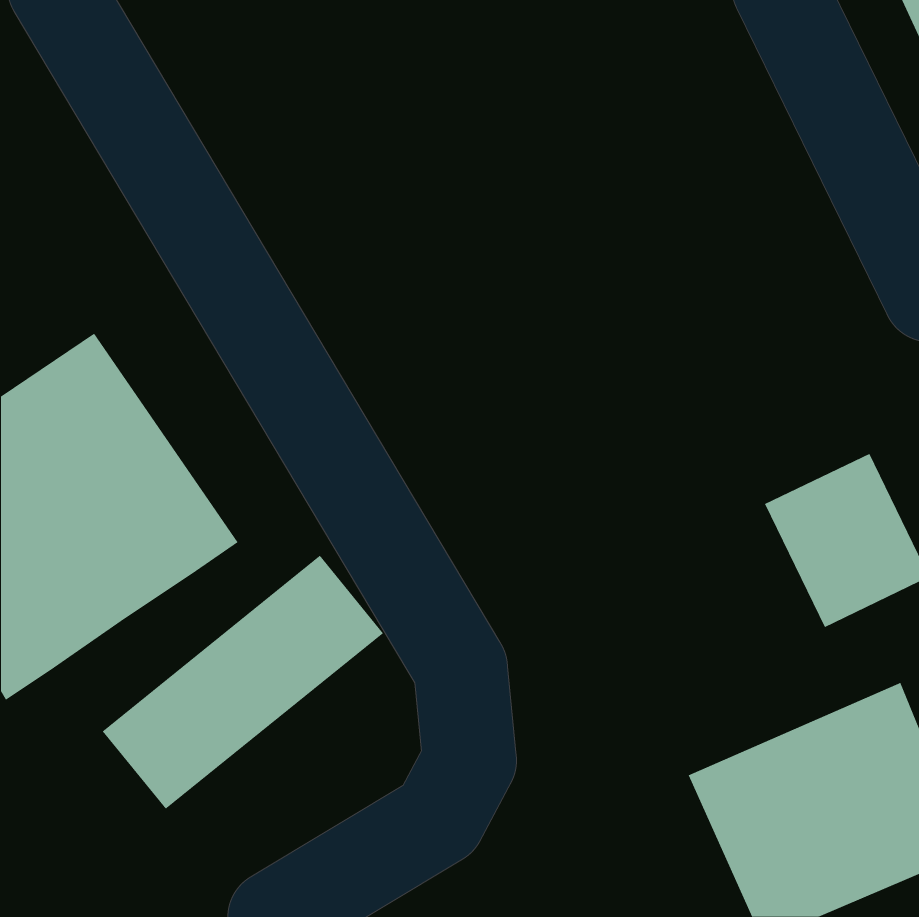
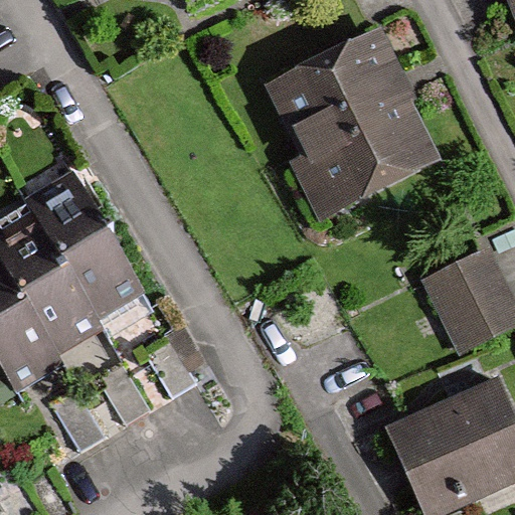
building: none -> [263,28,442,218]

